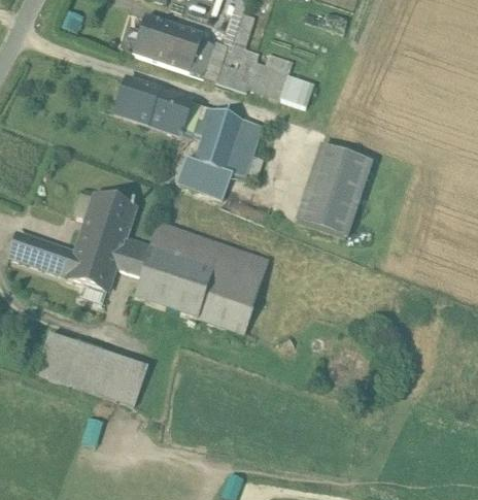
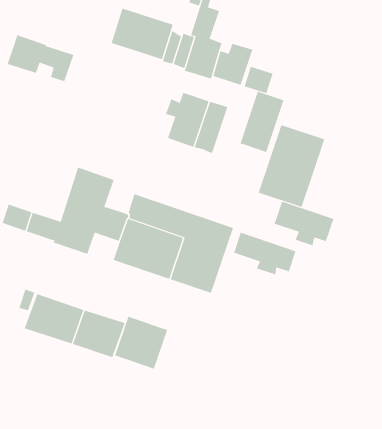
building: [115,78,191,131] -> [7,35,74,82]
building: none -> [240,91,284,153]
building: [177,156,233,198] -> none
building: none -> [274,201,334,246]
building: none -> [233,232,296,275]
building: none -> [114,316,168,369]

